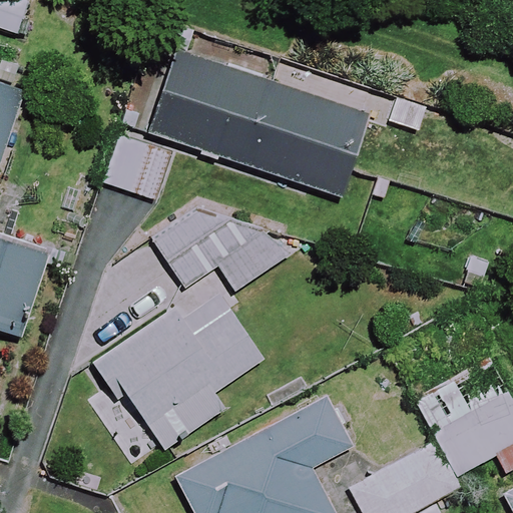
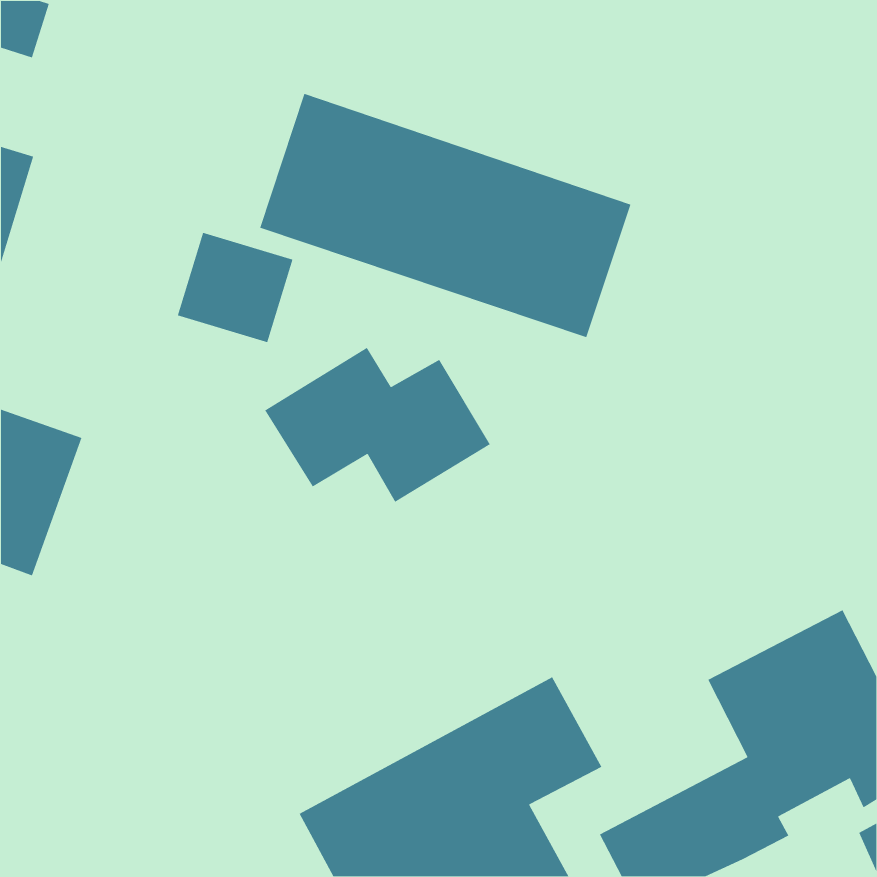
building: [102,282,264,447] -> none

